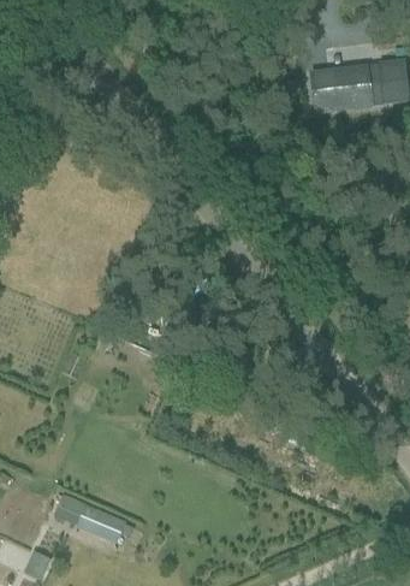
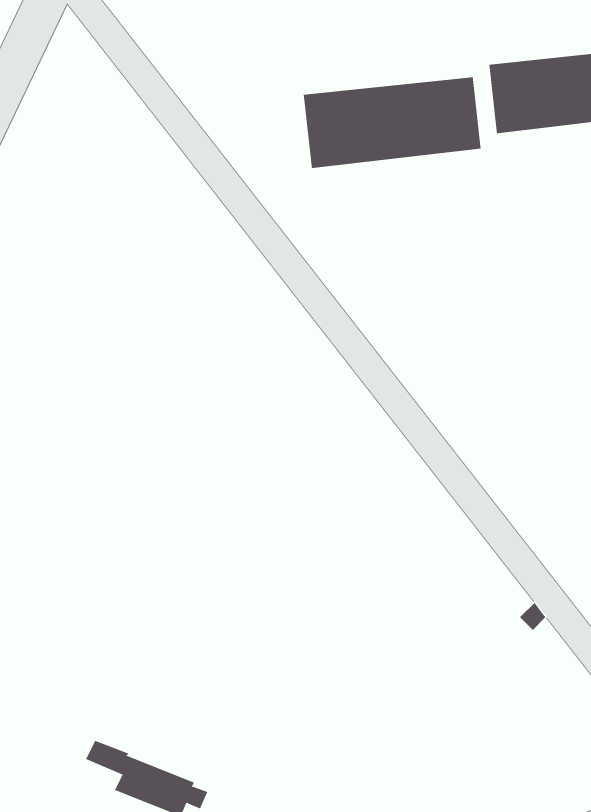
building: none -> [303,77,481,169]

